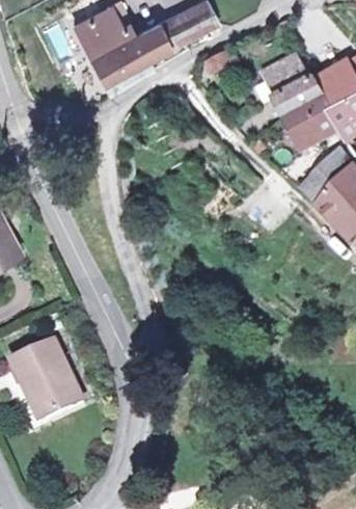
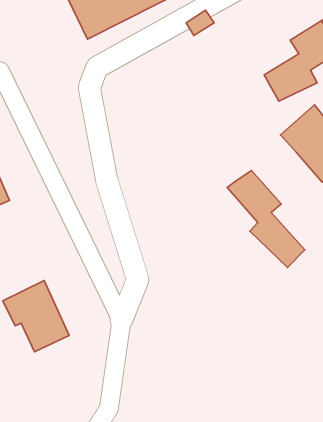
building: [262,55,326,120] -> none
building: none -> [227,170,305,268]

